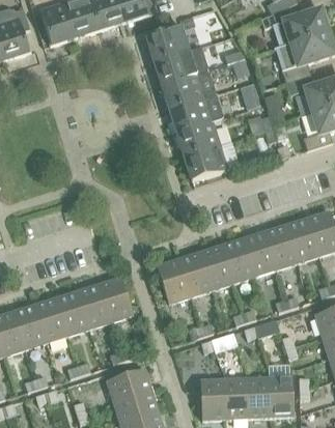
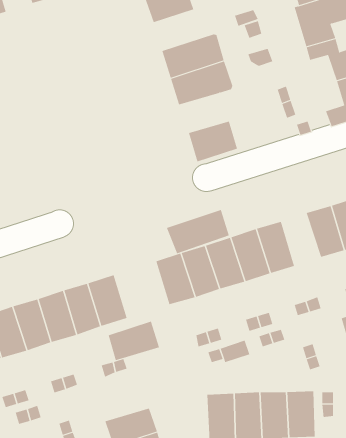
building: [155,47,208,85] -> none
building: [176,121,220,155] -> none
building: none -> [166,209,230,254]
building: [264,224,298,269] -> none
building: [107,368,151,402] -> [108,321,160,361]

